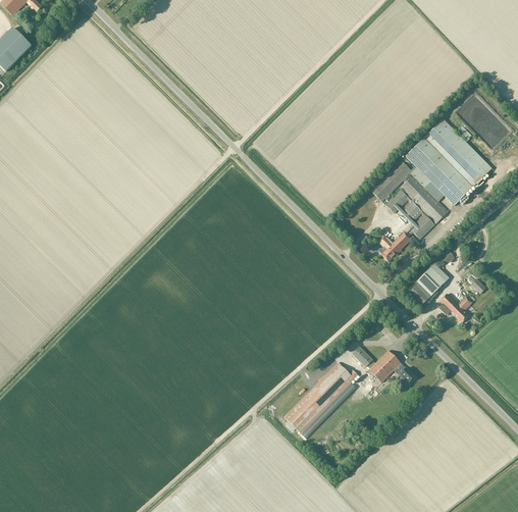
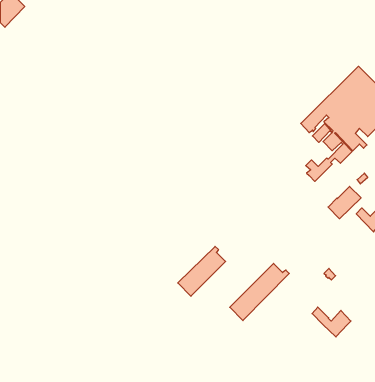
building: none -> [178,246,226,296]
building: [352,346,400,382] -> [312,307,351,337]

